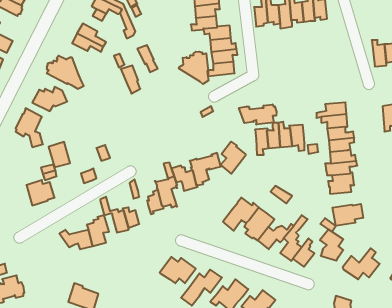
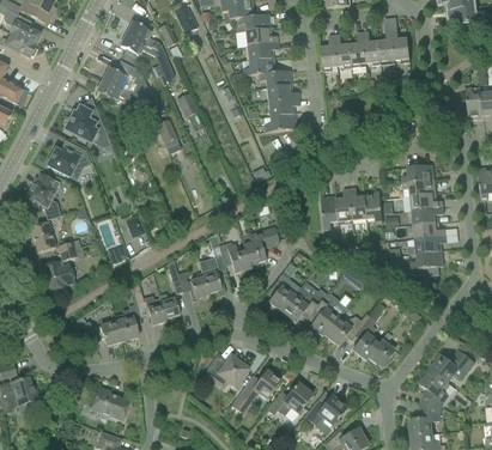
building: [179,52,209,84] -> none
building: [239,104,277,125] -> none
building: [221,142,246,174] -> [268,272,299,311]
building: [49,142,70,167] -> [29,220,55,251]
building: [332,204,363,226] -> none
building: [320,229,343,261] -> [419,370,448,408]

